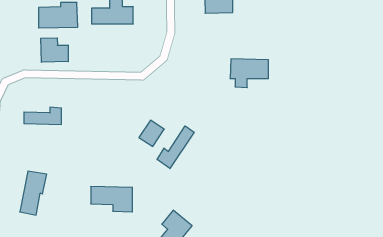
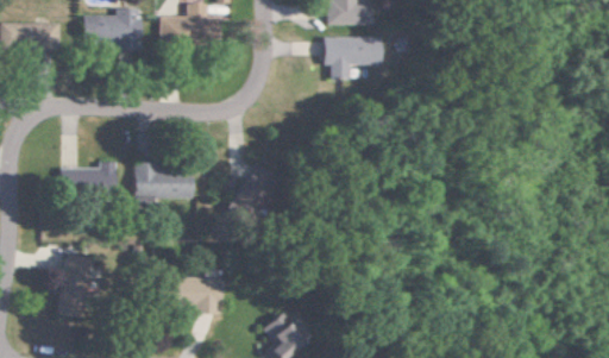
building: [41,38,68,62] -> none
building: [230,59,268,88] -> [321,36,377,77]
building: none -> [136,165,194,202]
building: [157,126,194,169] -> none

